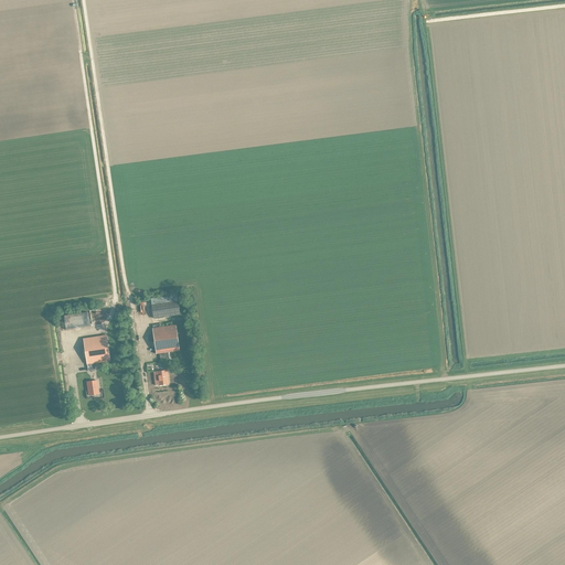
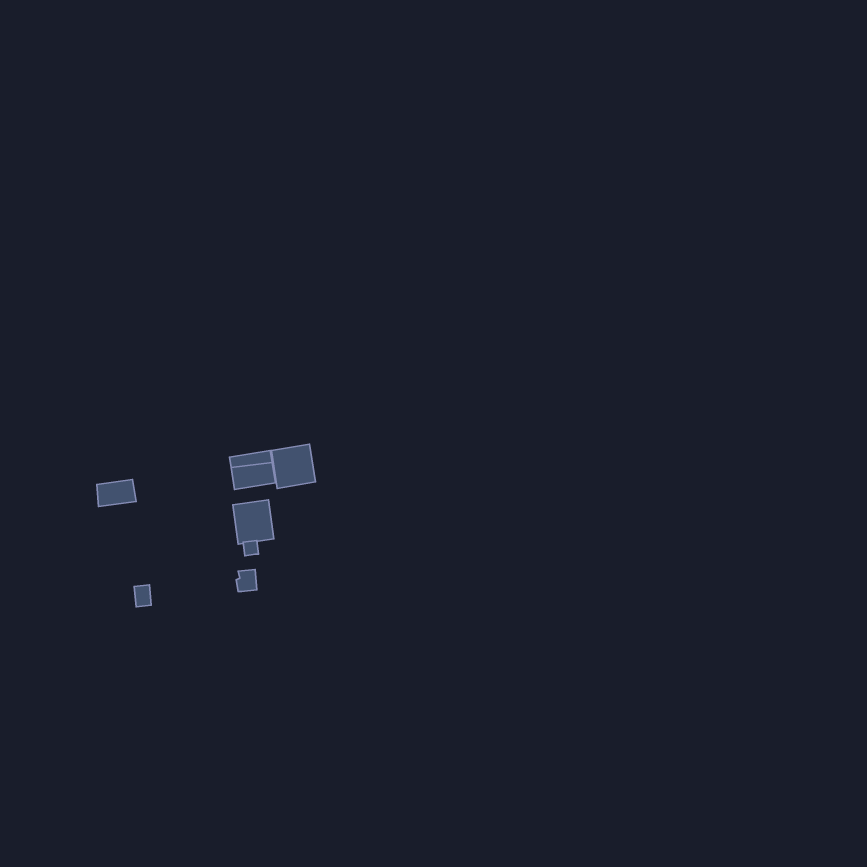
building: none -> [271,444,315,488]
building: [82,334,108,370] -> none

